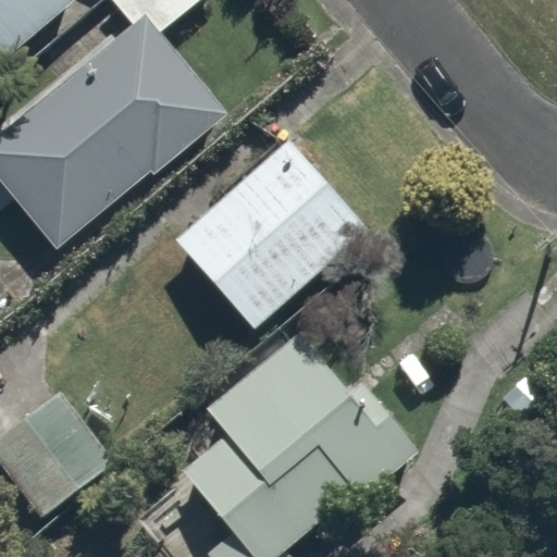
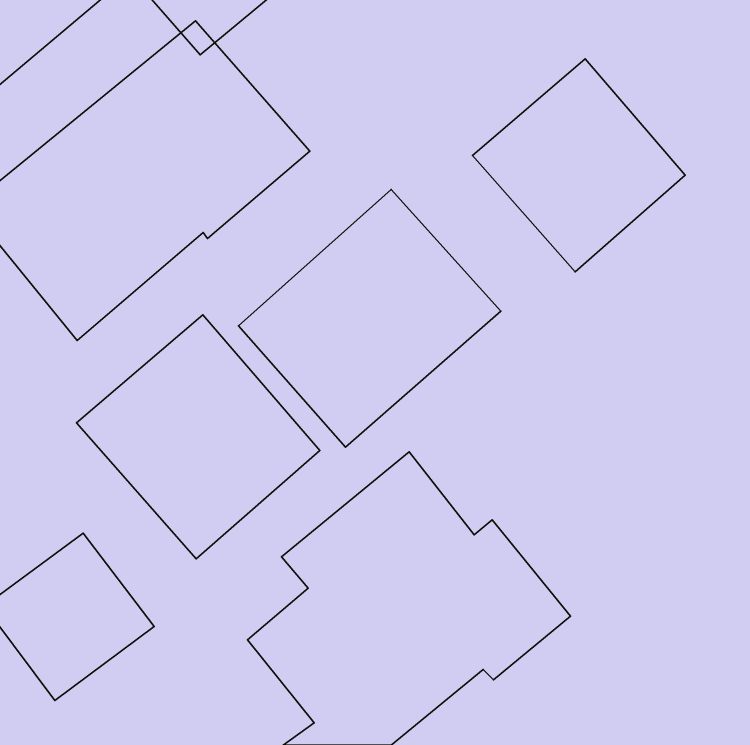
building: none -> [473,59,685,272]
building: none -> [77,315,320,559]

